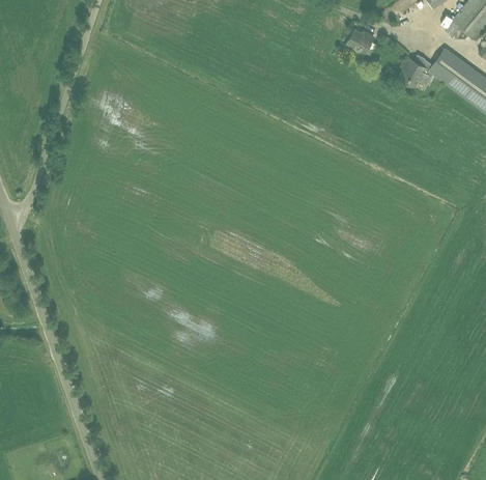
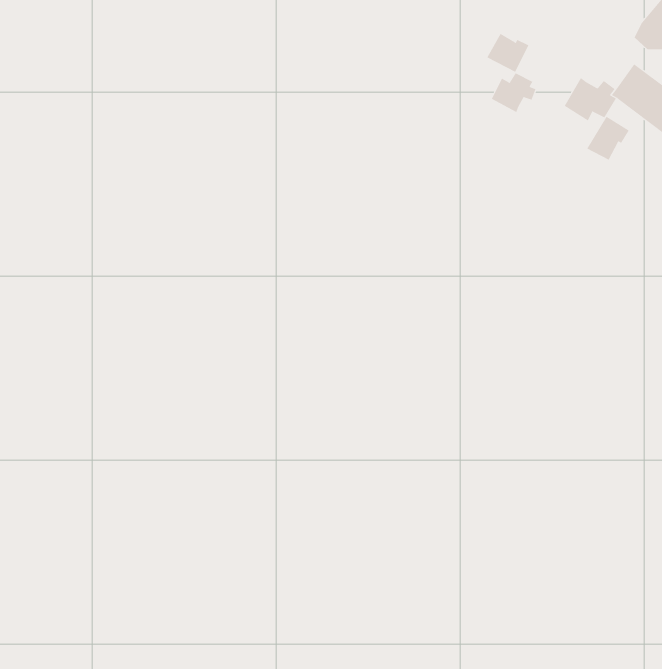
building: none -> [491,73,536,113]
building: none -> [587,116,630,161]

